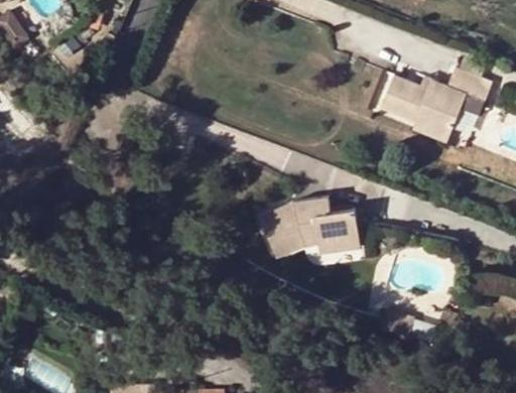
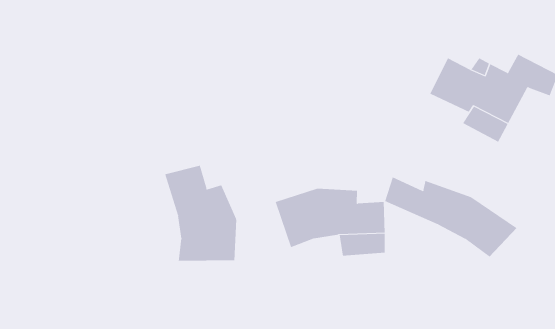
building: none -> [384,177,517,258]
building: none -> [165,165,237,262]

